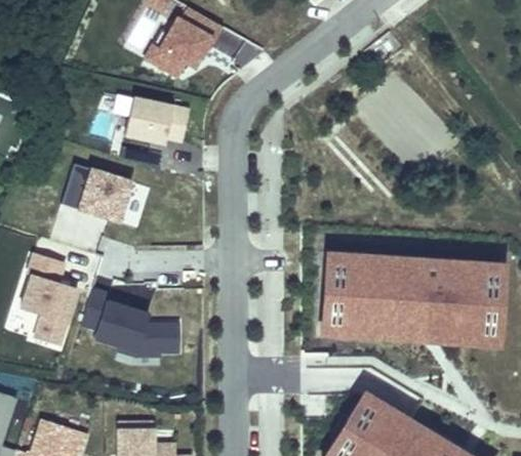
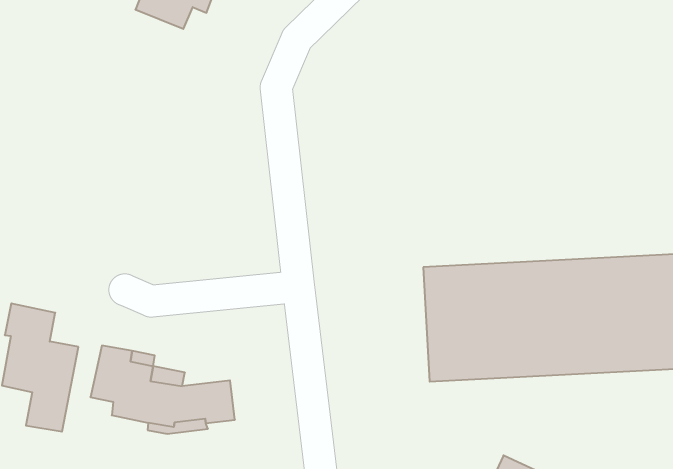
building: [125,101,189,146] -> none
building: [80,167,132,219] -> none

